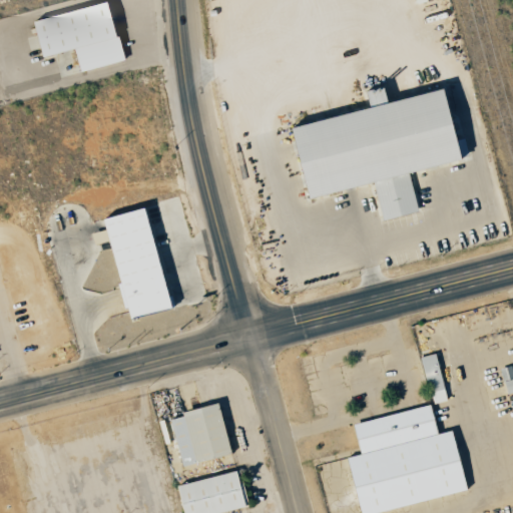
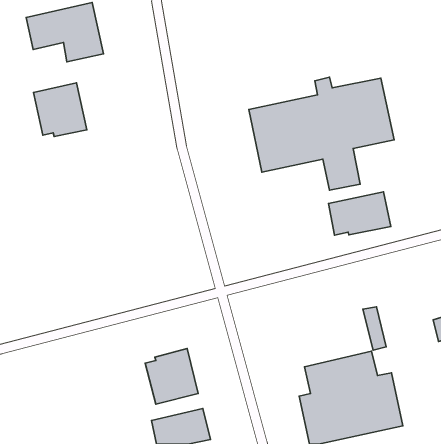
building: none -> [34,83,87,136]
building: [94,208,169,319] -> none
building: none -> [328,192,391,235]

